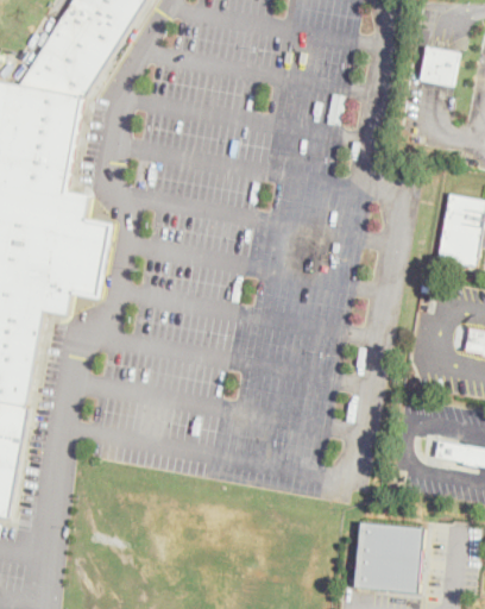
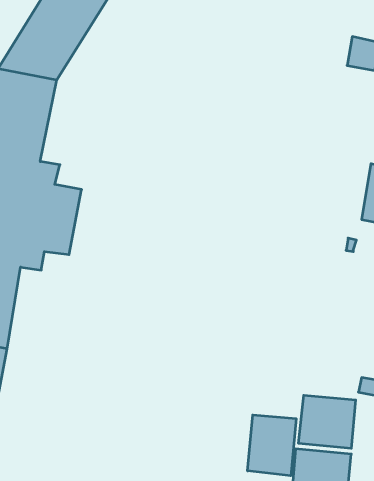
building: none -> [299,395,356,448]
building: none -> [248,415,296,476]

